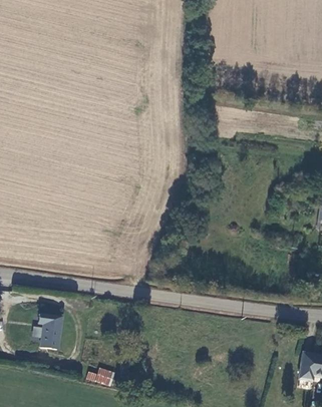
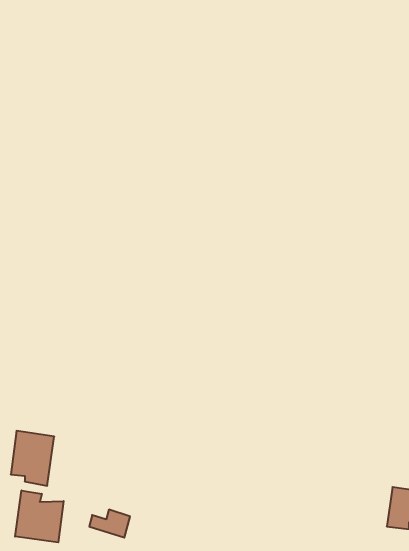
building: none -> [15,490,64,542]

